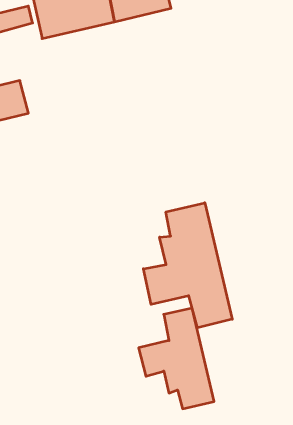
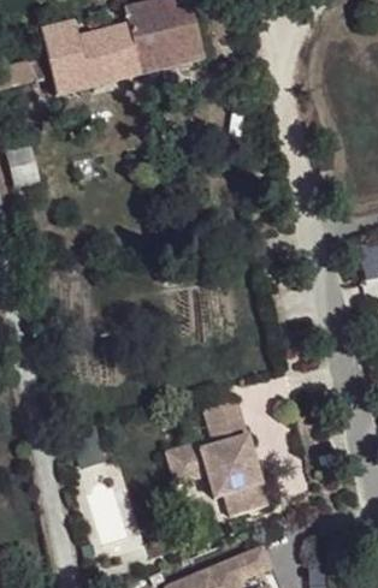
building: [143,203,232,328] -> none

